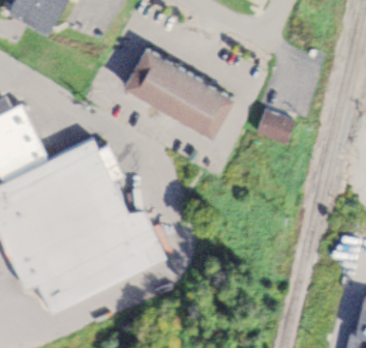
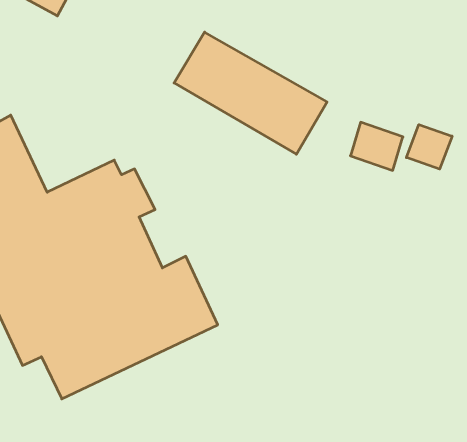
building: none -> [406,125,452,169]

